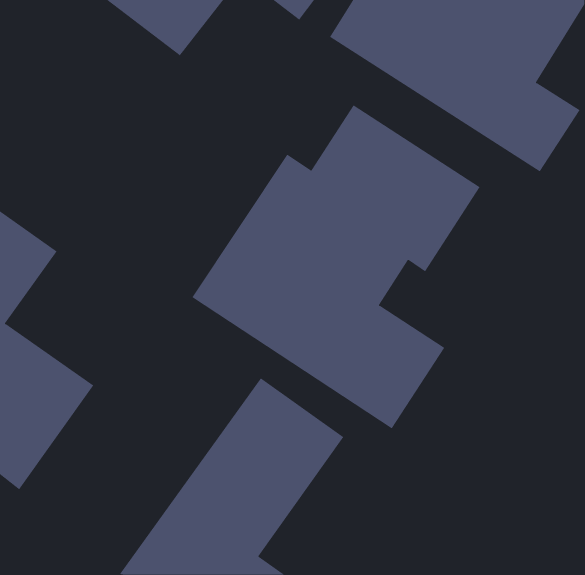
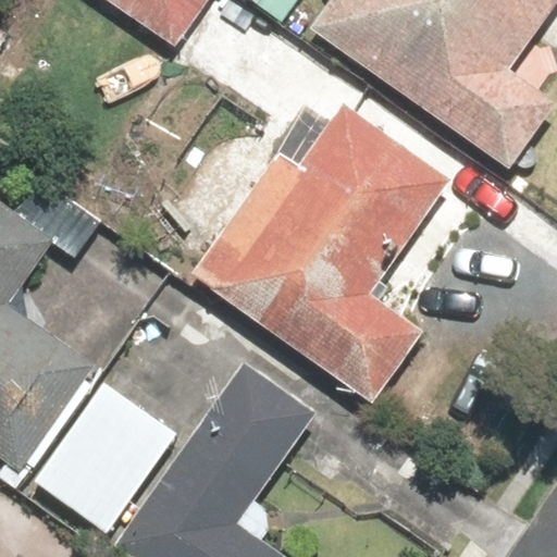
building: none -> [41,383,173,528]

